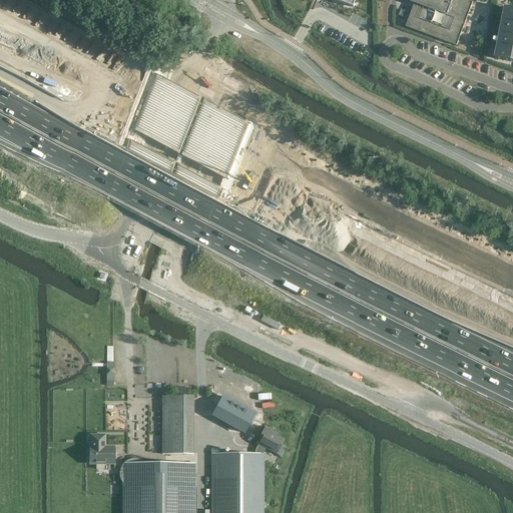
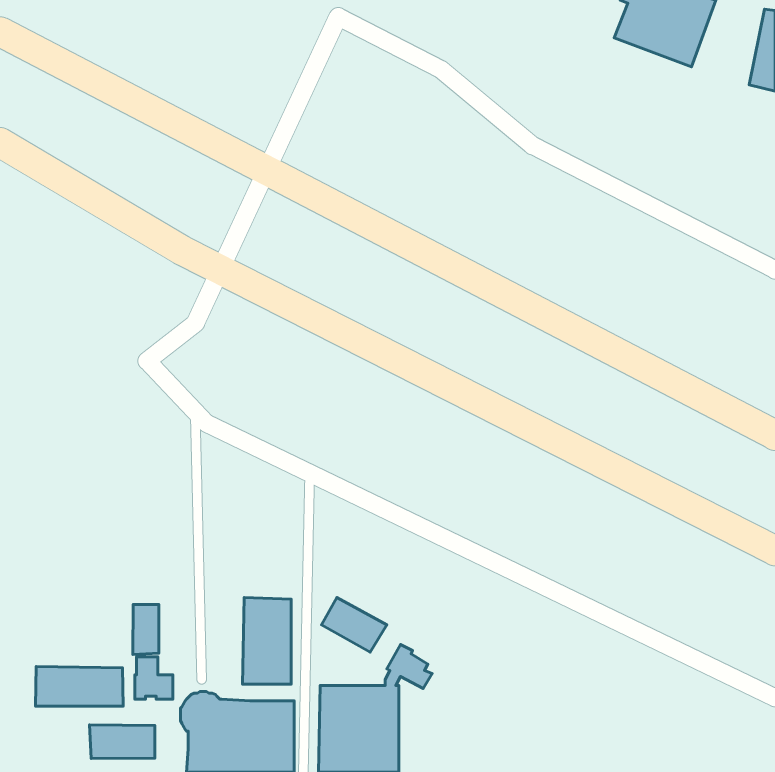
building: none -> [133,604,159,654]
building: none -> [35,666,123,706]
building: none -> [90,725,155,758]

